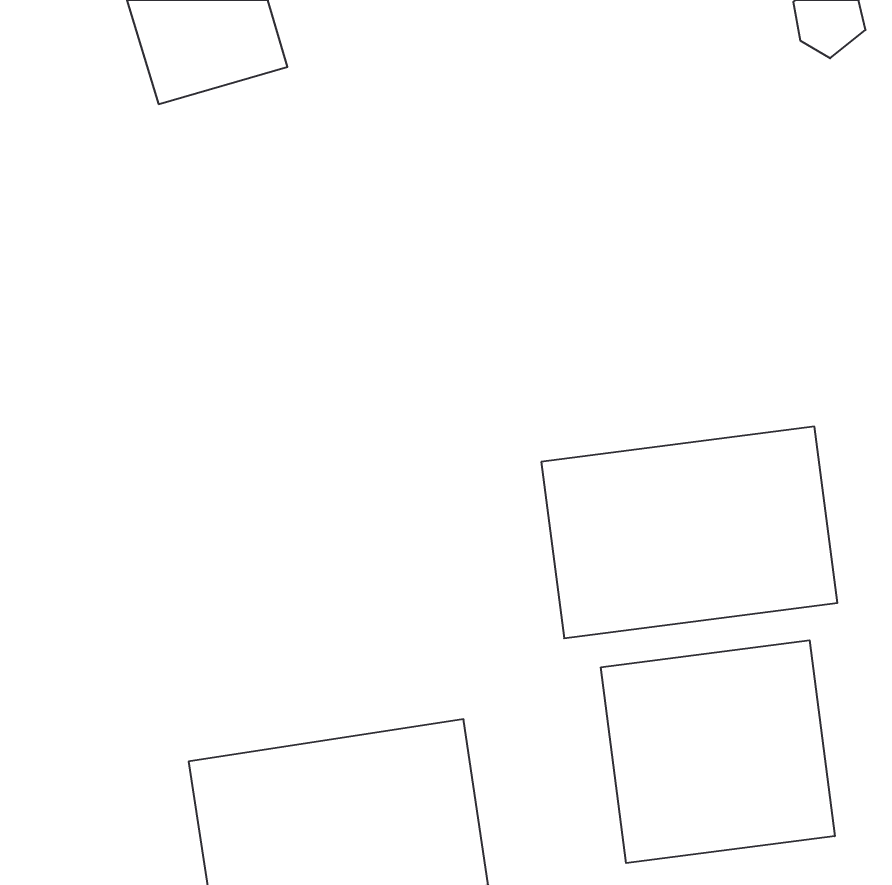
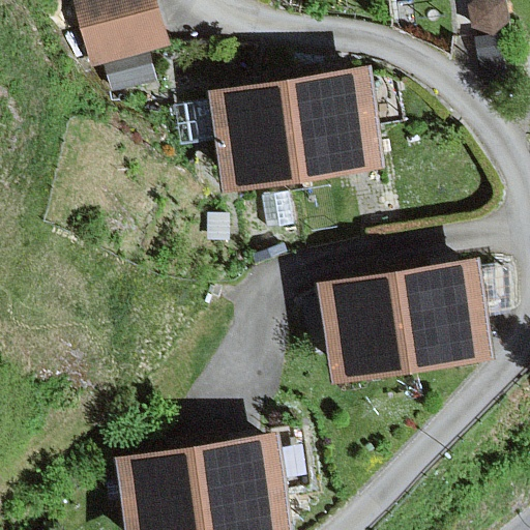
building: none -> [216,68,387,183]
building: [601,640,835,863] -> none

